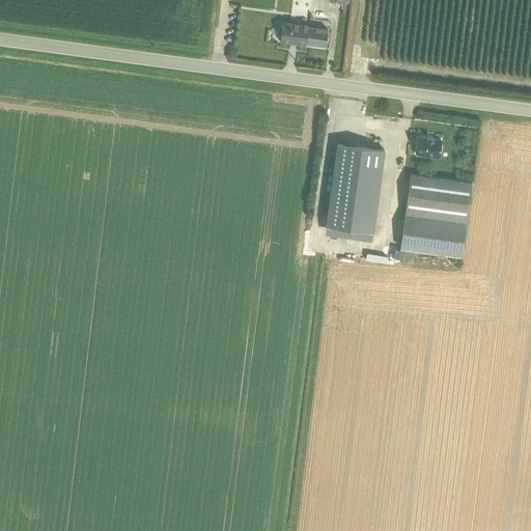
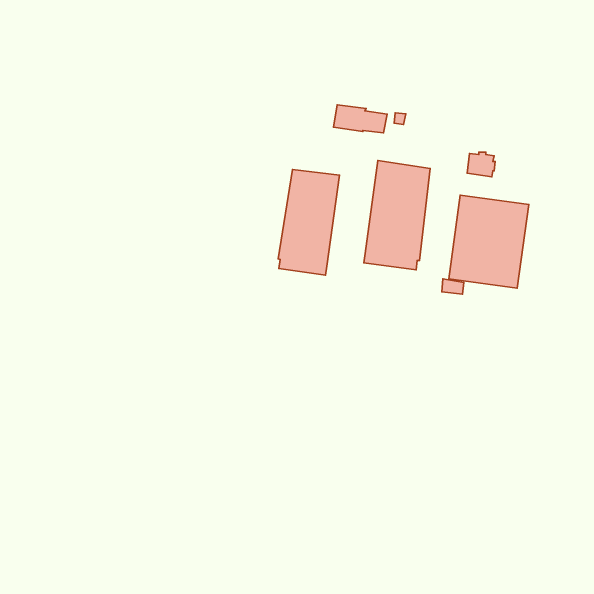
building: [280,22,328,47] -> [334,105,387,133]
building: none -> [278,170,339,275]

